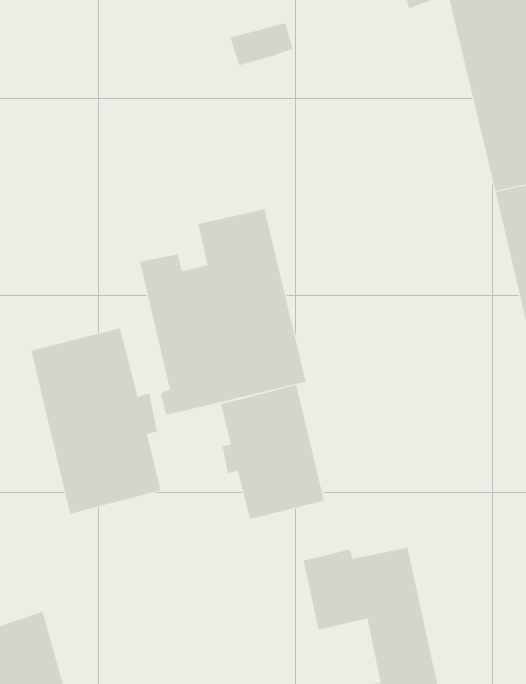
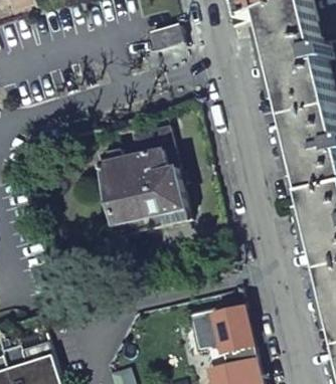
building: [31,328,161,514] -> none
building: [221,384,325,520] -> none

